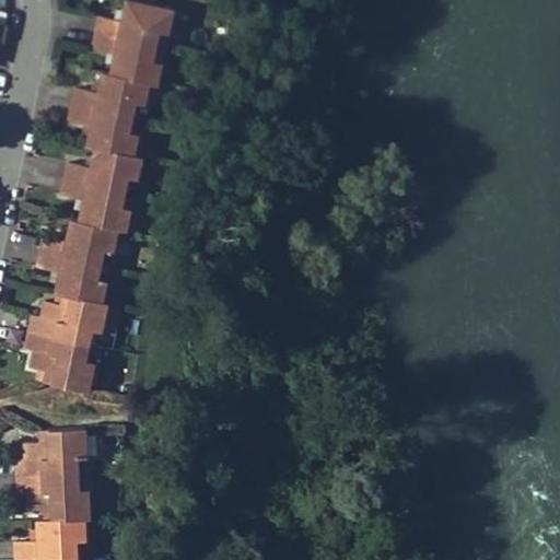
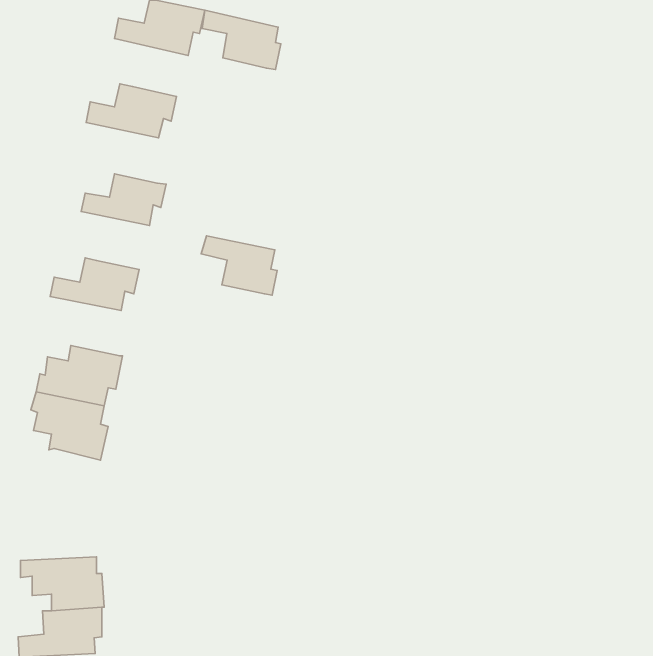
building: [95,35,162,85] -> [202,10,281,70]
building: [70,106,139,158] -> none
building: [65,182,129,232] -> [201,236,277,295]
building: [39,254,106,304] -> none
building: [16,429,85,478] -> none

